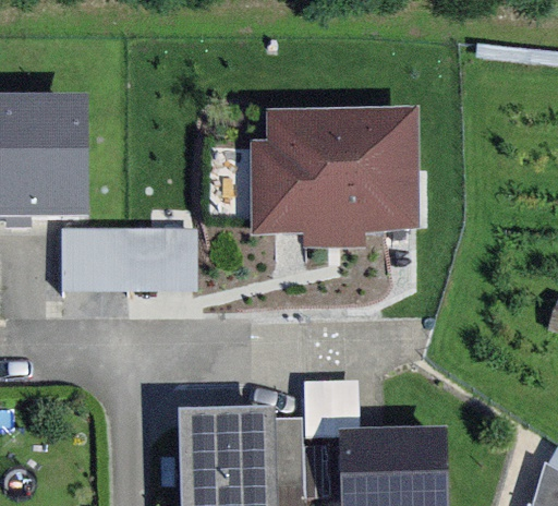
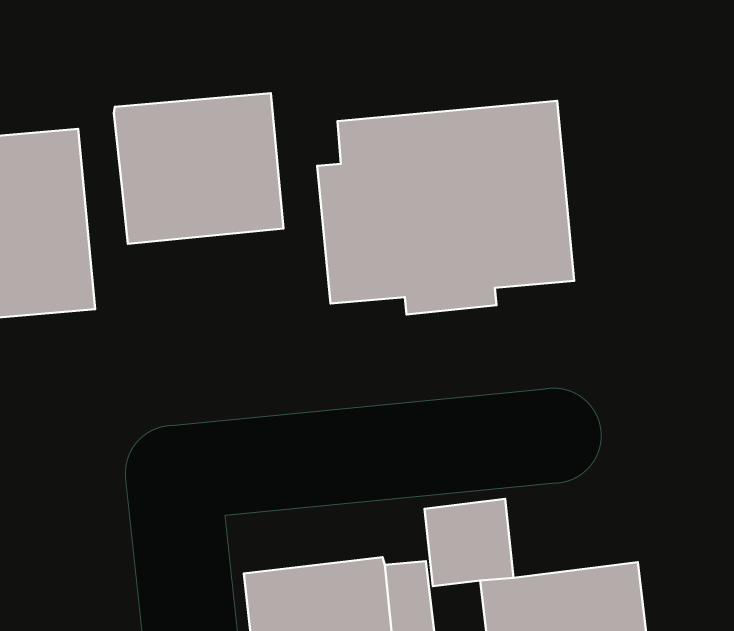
building: none -> [114,93,284,244]
building: [59,224,197,290] -> none

